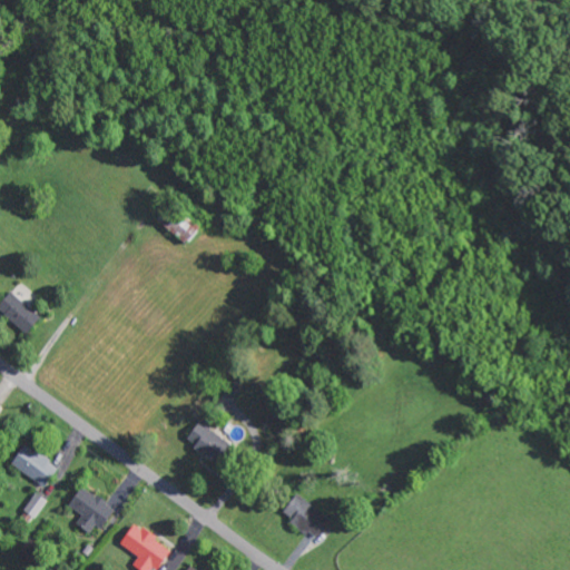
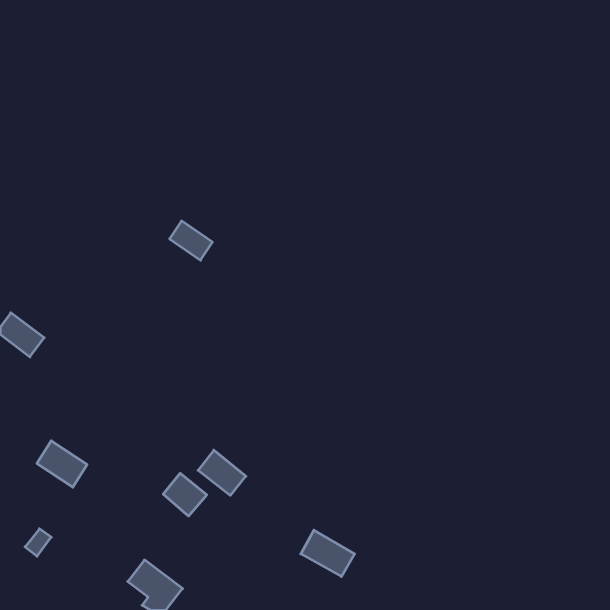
building: none -> [163,473,207,516]
building: [11,443,58,487] -> [37,441,87,487]
building: [68,485,112,535] -> none

